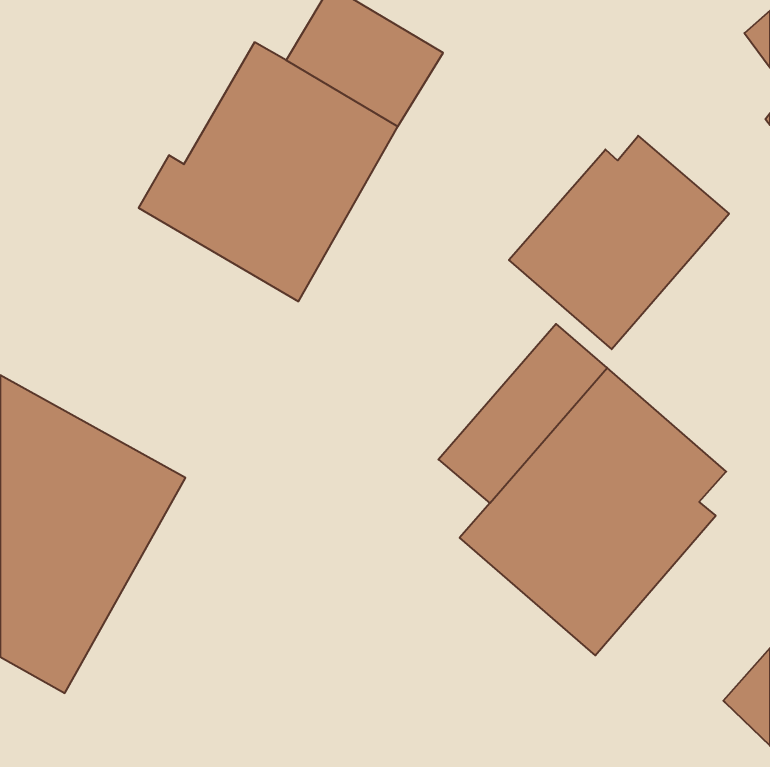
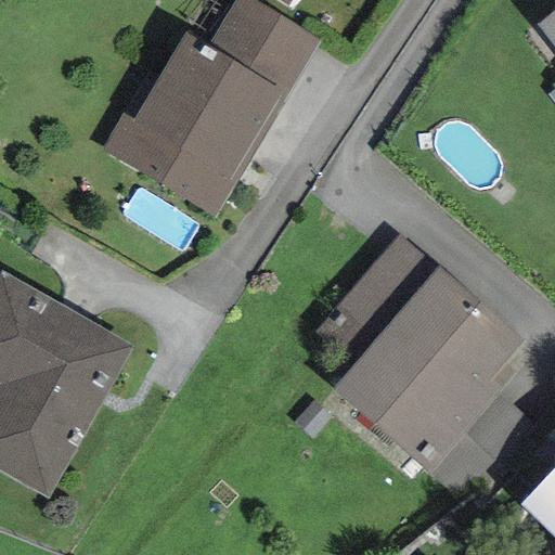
building: [509,136,729,349] -> none

